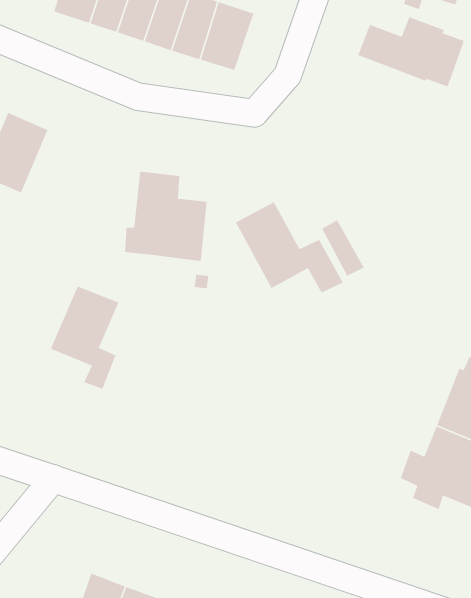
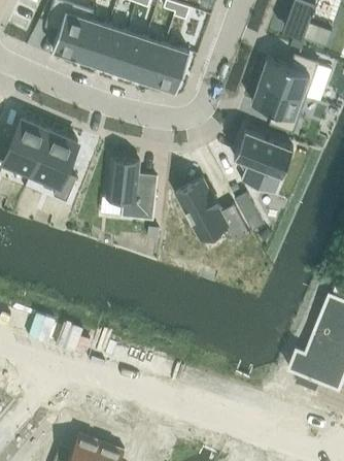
building: none -> [251,80,306,133]
building: none -> [234,130,294,194]
building: [50,285,119,390] -> [31,131,78,202]

